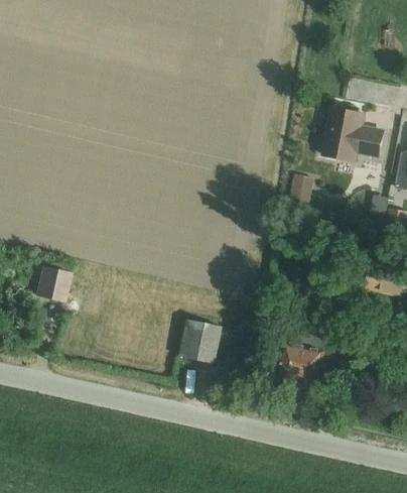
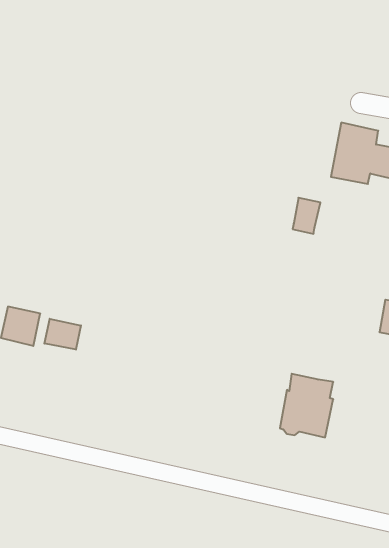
building: none -> [44,319,81,350]
building: [177,320,221,363] -> none

